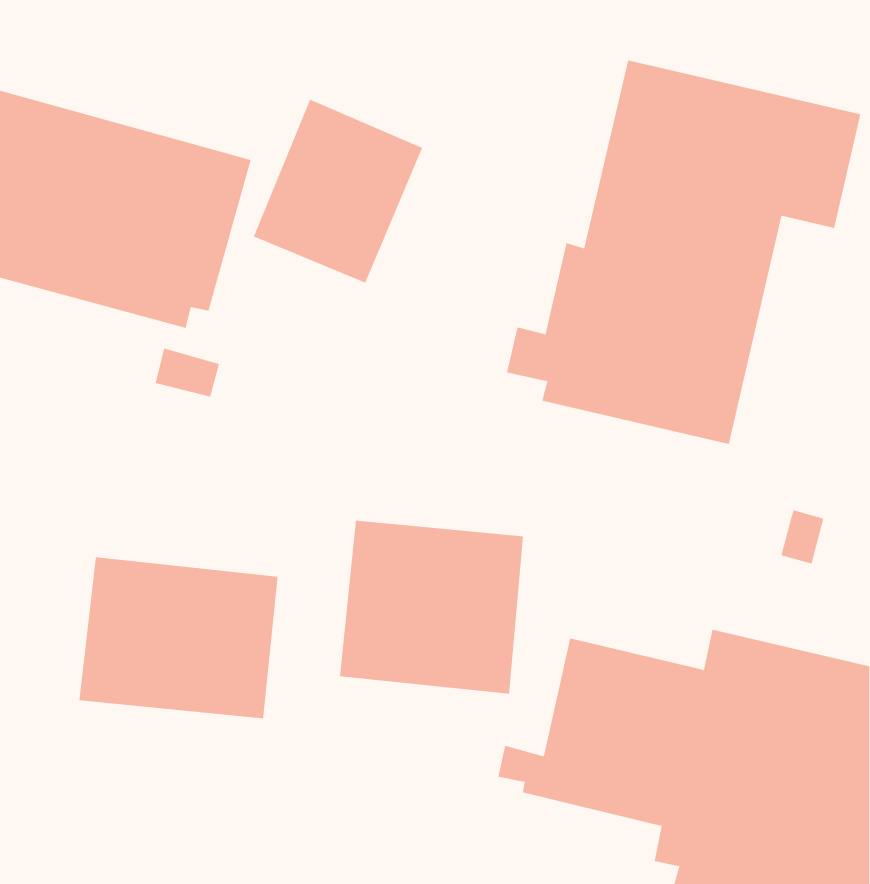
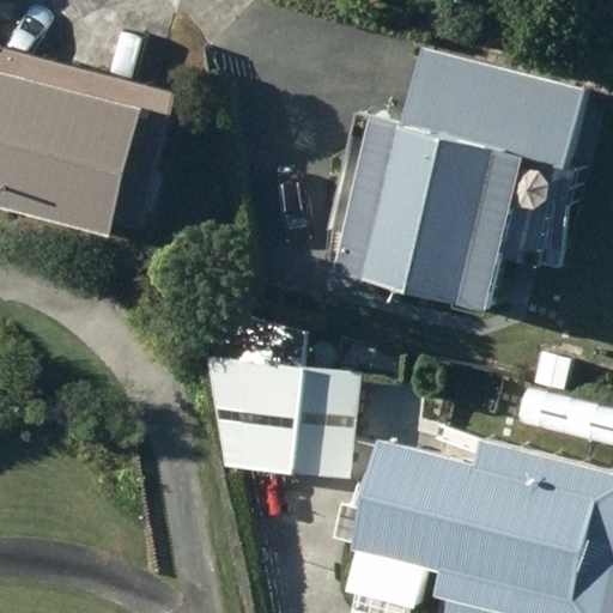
building: [253,99,423,283] -> none
building: [79,556,278,719] -> none

